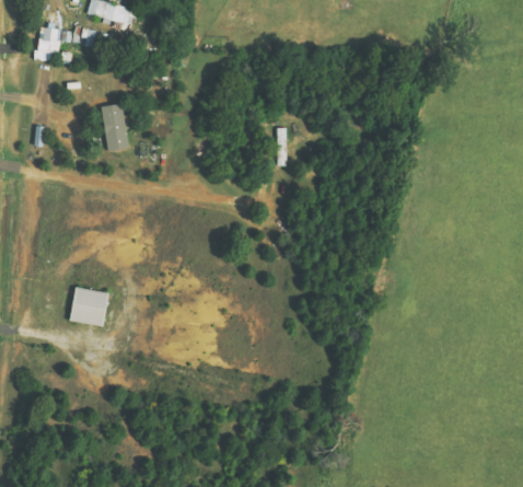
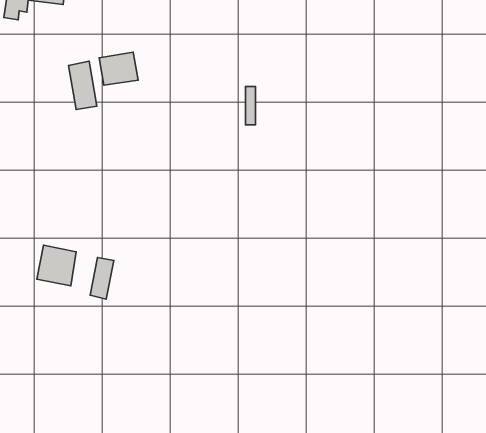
building: none -> [99,52,138,85]
building: none -> [90,257,114,299]

